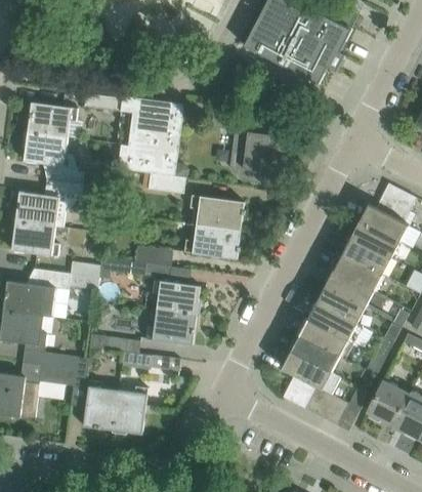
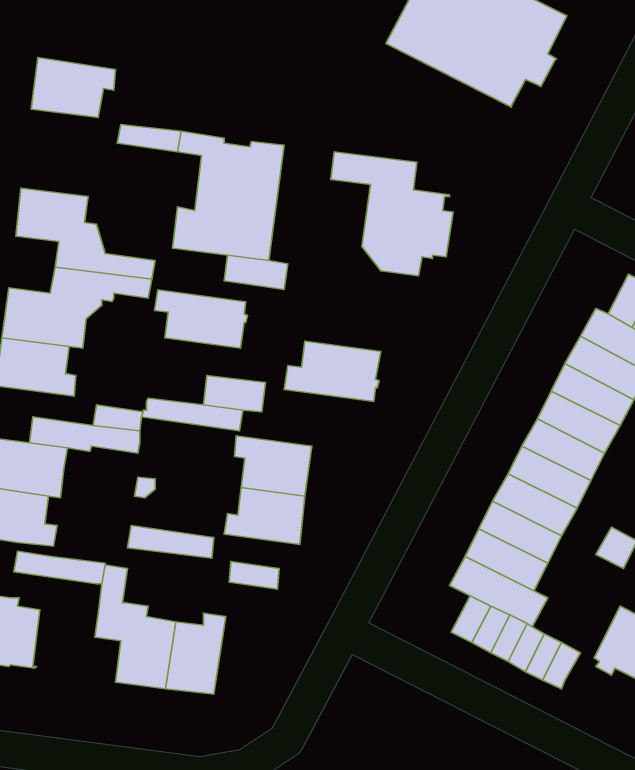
building: [27,101,77,137] -> [31,57,115,118]
building: [189,195,245,230] -> [154,290,247,348]
building: [20,361,75,384] -> none

